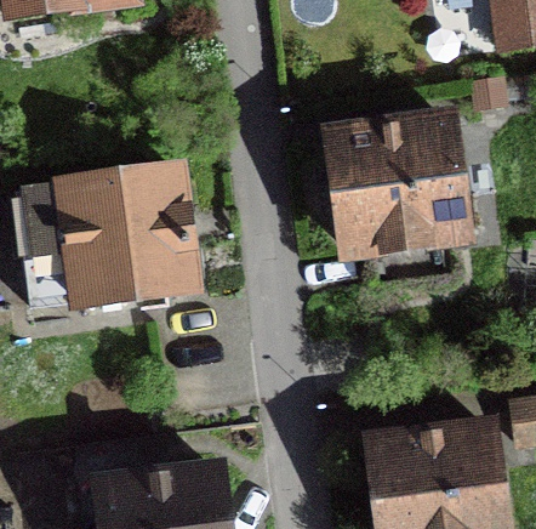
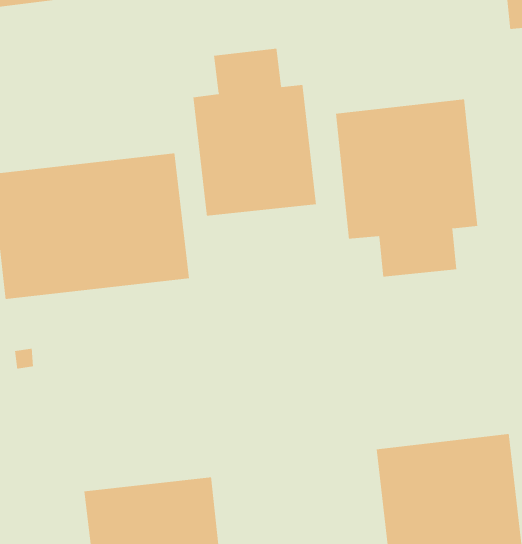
building: none -> [193,48,317,216]

